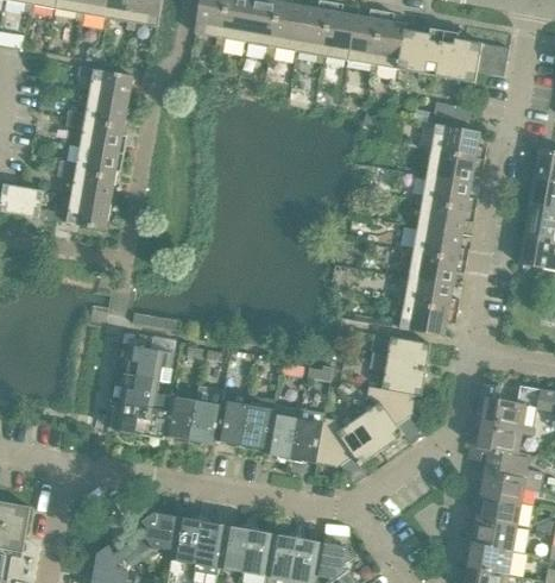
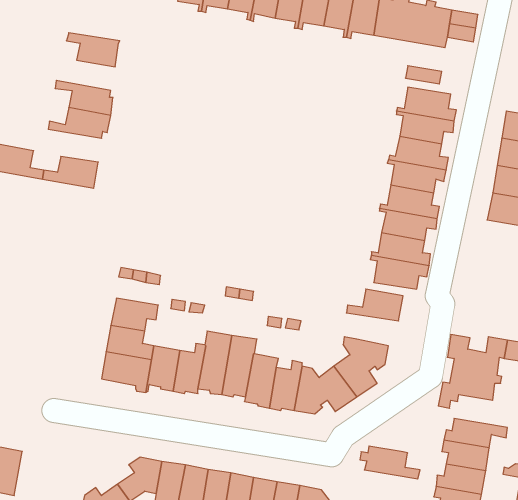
building: [67,95,128,127] -> none
building: [57,168,114,202] -> none
building: [370,361,425,396] -> none
building: [479,446,542,481] -> [360,446,420,479]

